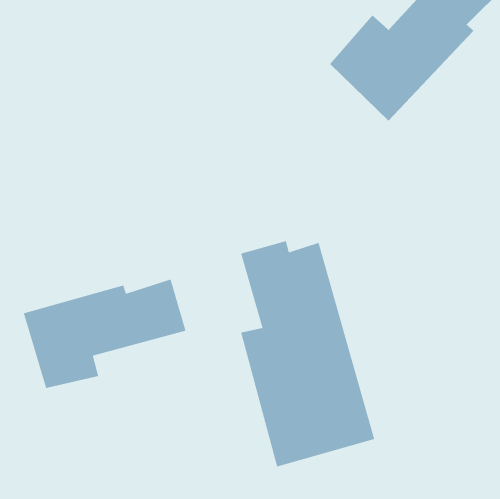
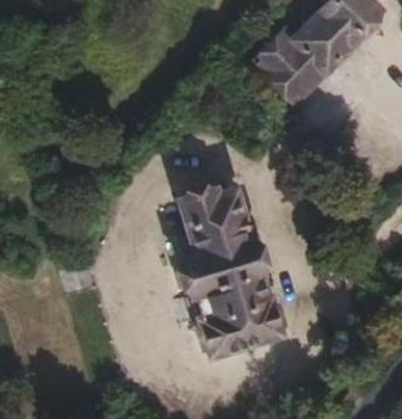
building: [23,279,186,389] -> none

